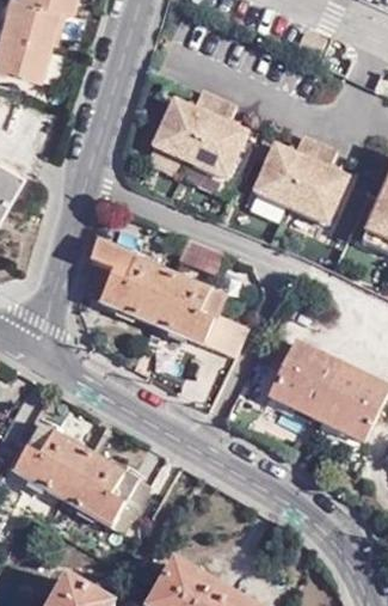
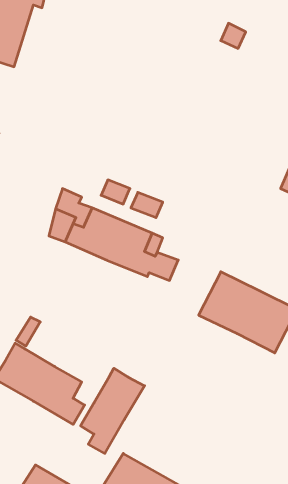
building: [152,93,251,184] -> none
building: [252,137,351,228] -> none
building: none -> [81,368,145,453]

